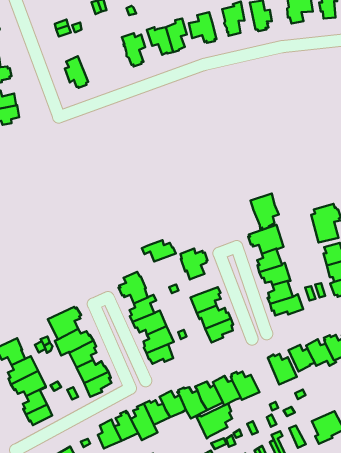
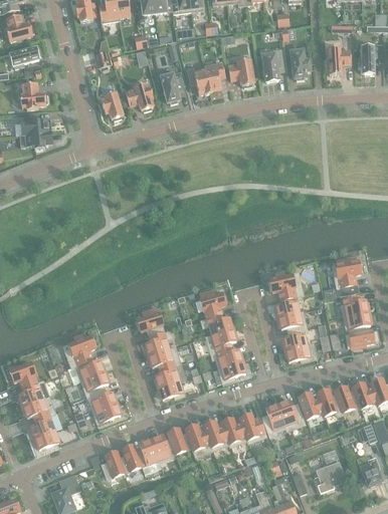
building: none -> [125,82,153,110]
building: [251,193,279,230] -> none
building: [142,240,176,261] -> [200,314,233,334]
building: none -> [261,403,284,436]
building: [197,403,232,438] -> none

